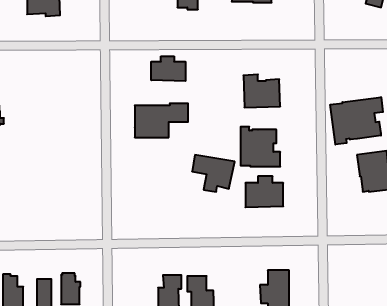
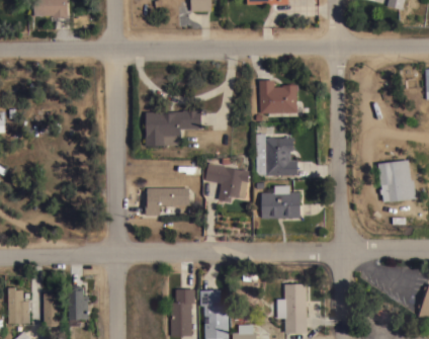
building: [151,56,185,81] -> none
building: [330,97,383,145] -> none
building: none -> [146,187,189,215]

